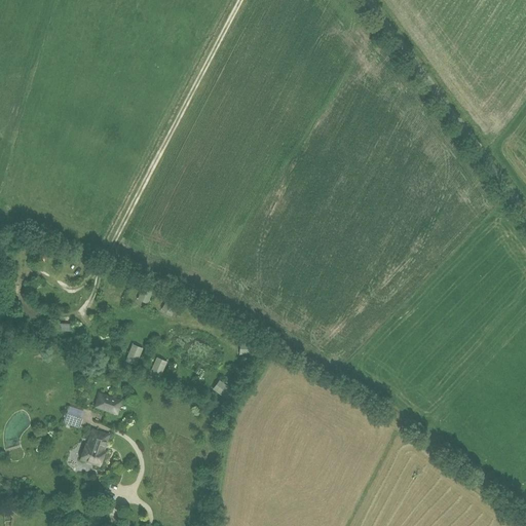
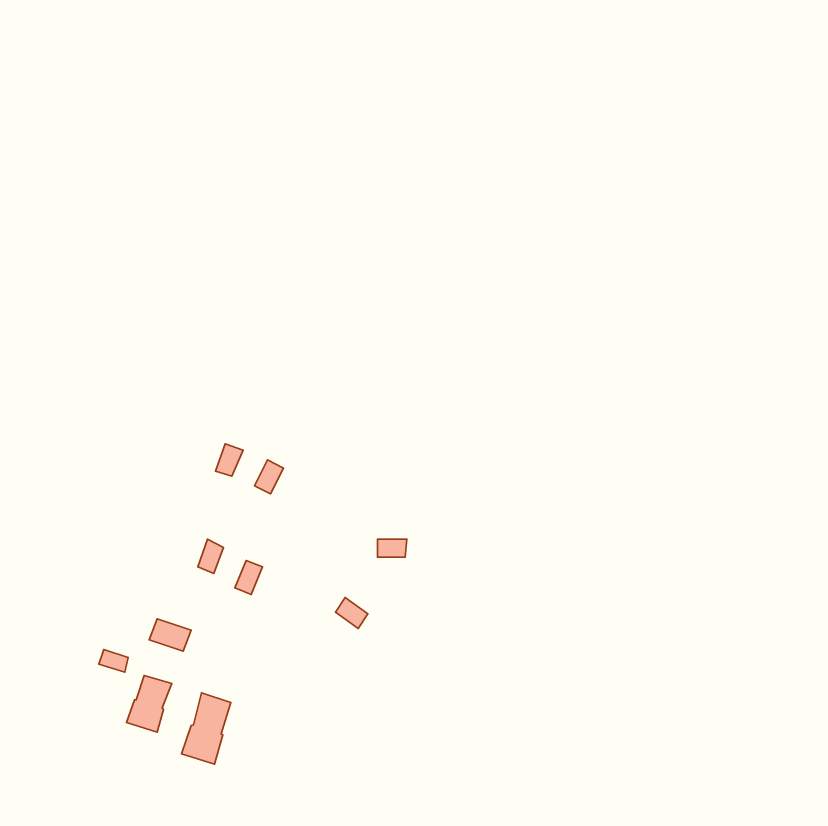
building: none -> [181,693,231,764]

